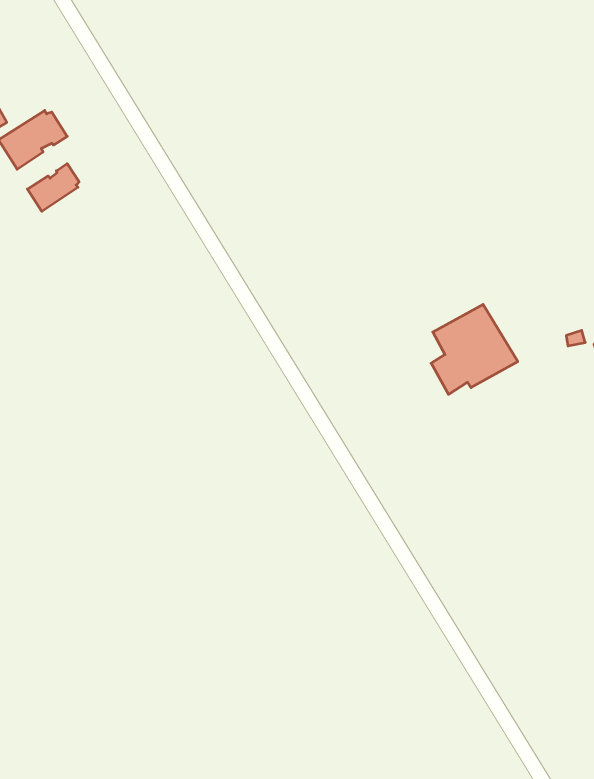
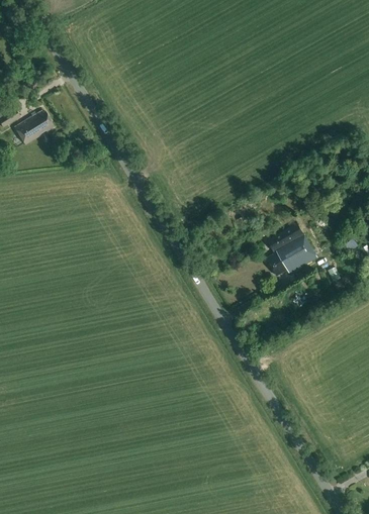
building: [27,164,79,211] -> none

